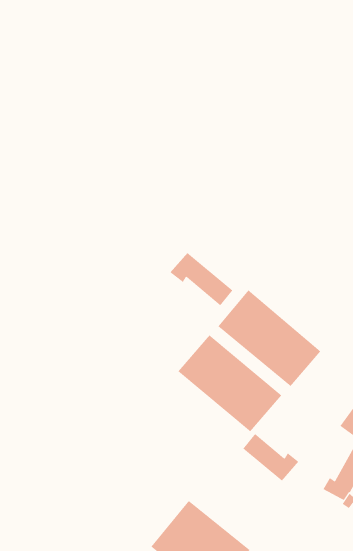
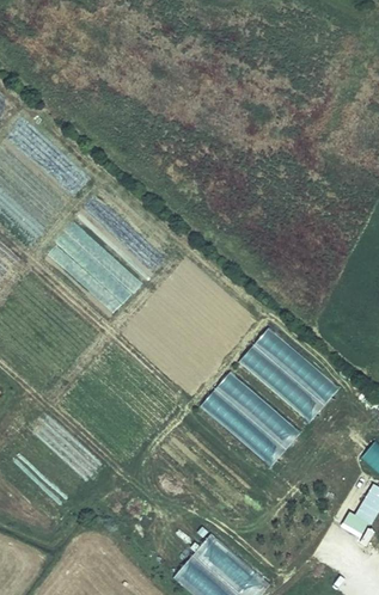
building: [170,252,233,306] -> none
building: [242,433,299,482] -> none

